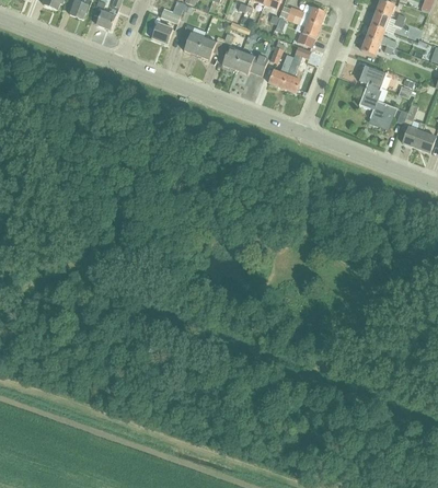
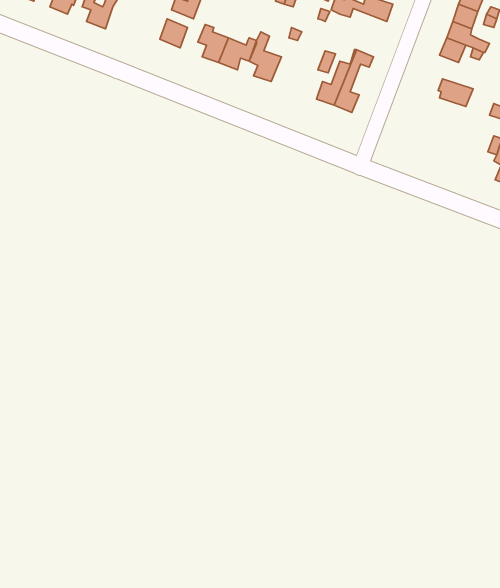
building: [293,14,321,46] -> none
building: [234,50,268,74] -> none
building: [359,83,394,127] -> none

